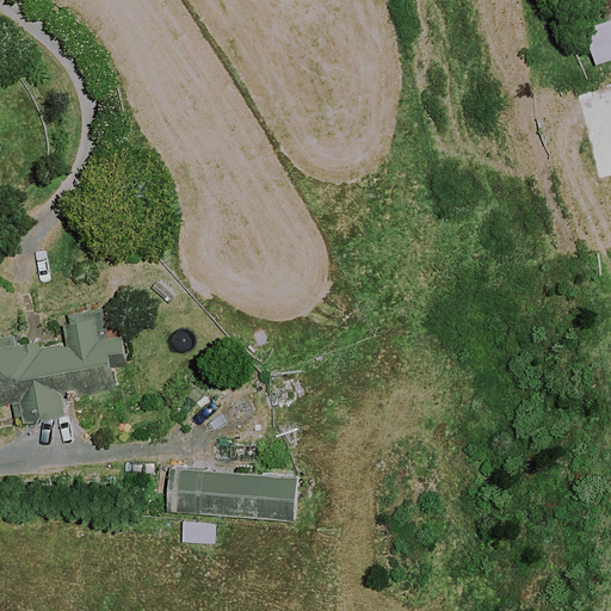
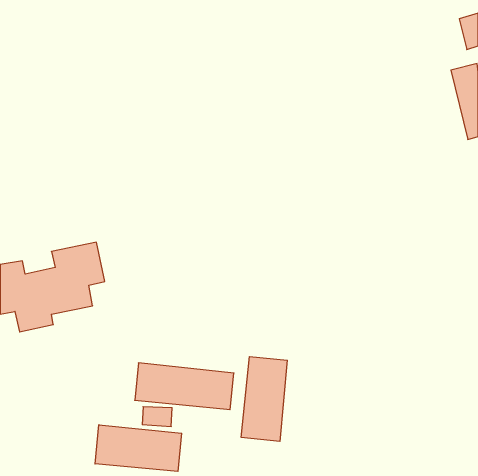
building: none -> [241,357,287,441]
building: none -> [95,425,182,471]

